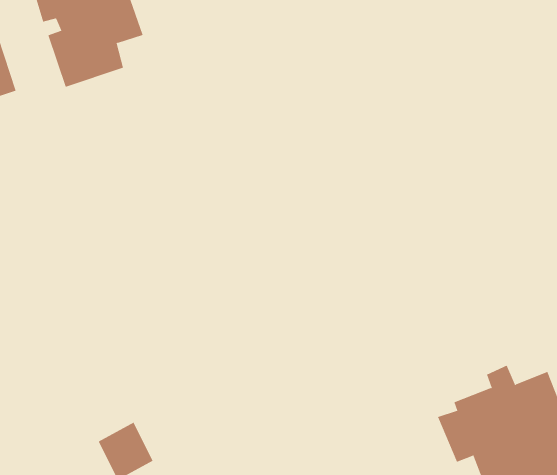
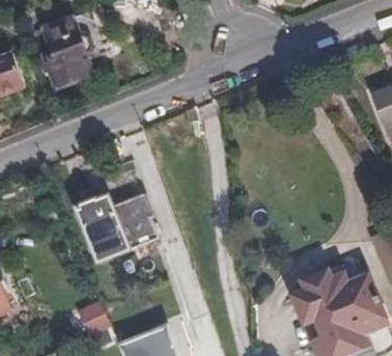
building: none -> [76,194,157,263]

